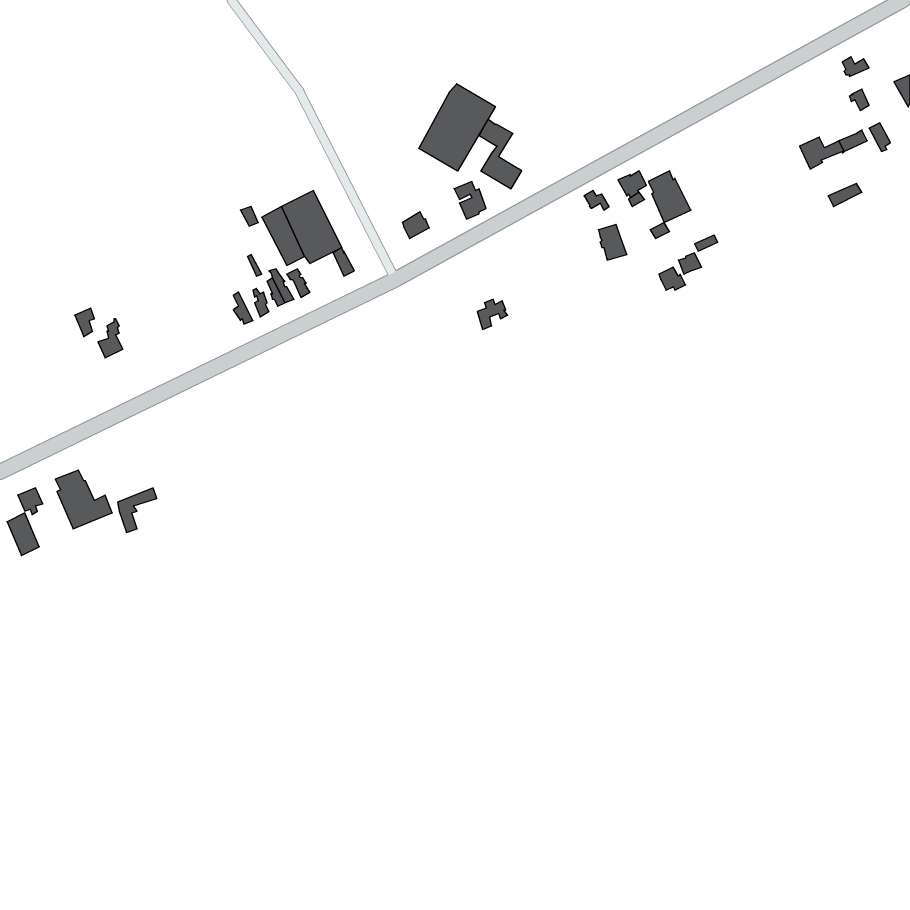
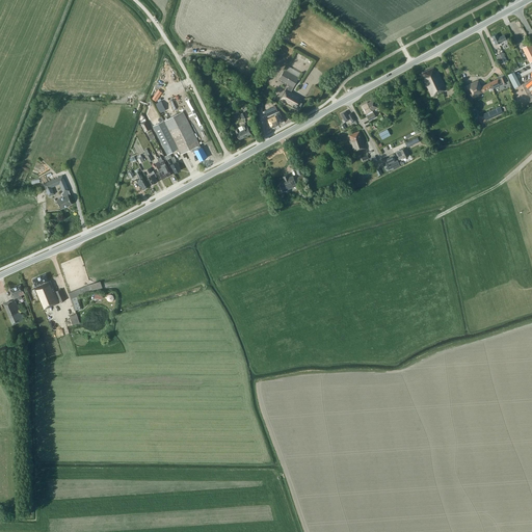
building: [419,84,495,171] -> none
building: [648,171,691,223] -> [422,66,447,97]

